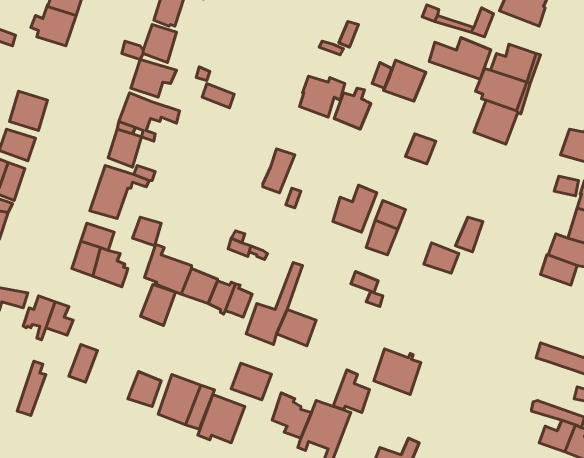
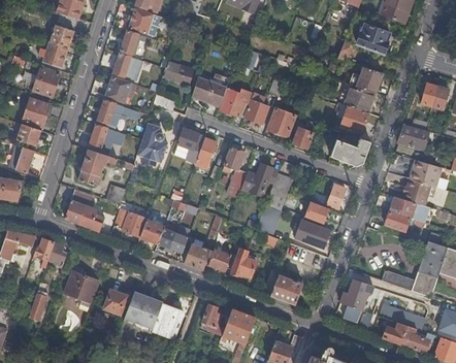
building: none -> [162,61,193,84]
building: [429,38,491,79] -> none
building: none -> [32,69,59,97]
building: none -> [192,77,226,106]
building: [383,60,426,101] -> [266,108,295,136]
building: none -> [137,123,167,166]
building: none -> [177,128,200,162]
building: none -> [330,138,369,166]
building: none -> [222,147,247,199]
building: none -> [294,219,330,249]
building: [141,284,176,325] -> [74,275,98,303]
building: none -> [339,271,388,317]
building: [231,363,272,400] -> none
building: [333,370,369,412] -> [231,249,256,277]

